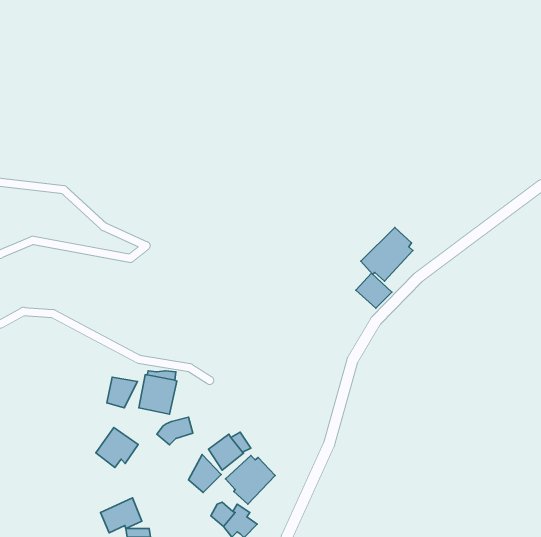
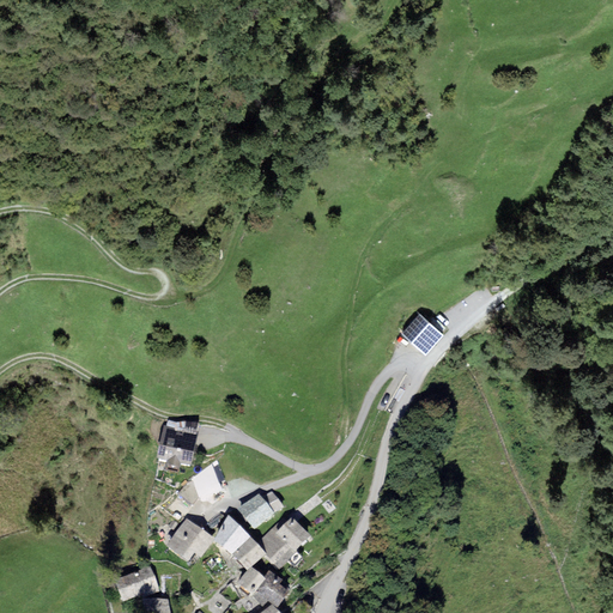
building: [361,227,413,281] -> none
building: [107,377,137,408] -> none
building: [96,427,138,468] -> [166,517,214,563]
building: none -> [230,536,266,570]

